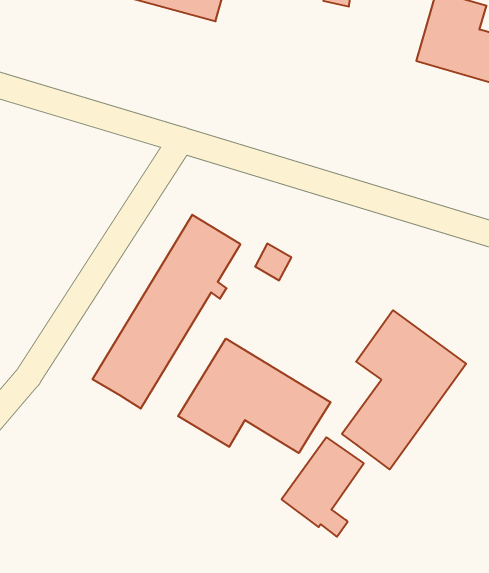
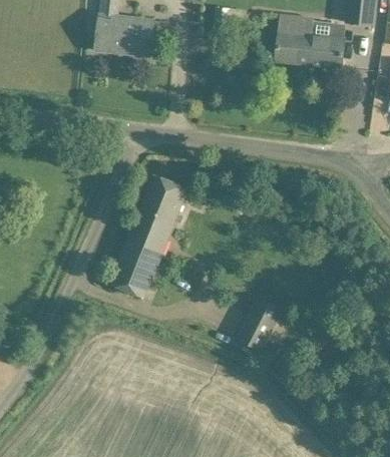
building: [342,310,466,469] -> none
building: [178,339,331,453] -> none

